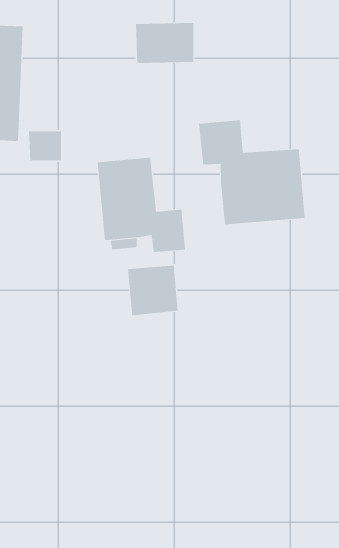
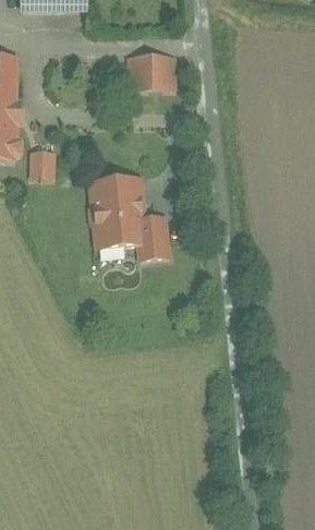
building: [199,119,305,225] -> none
building: [127,265,178,316] -> none

